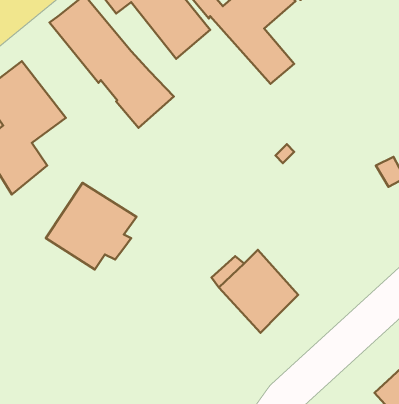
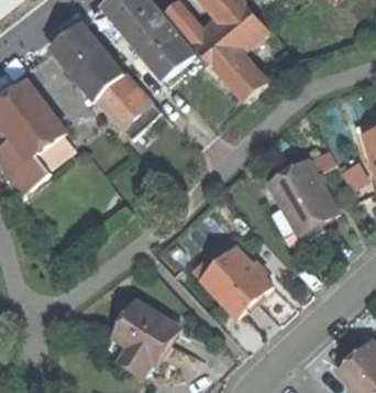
building: none -> [267,161,335,248]
building: [46,183,136,270] -> [98,298,177,374]

